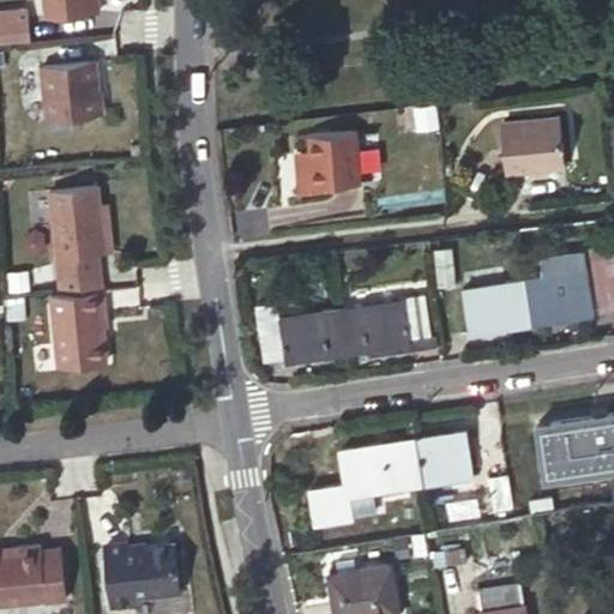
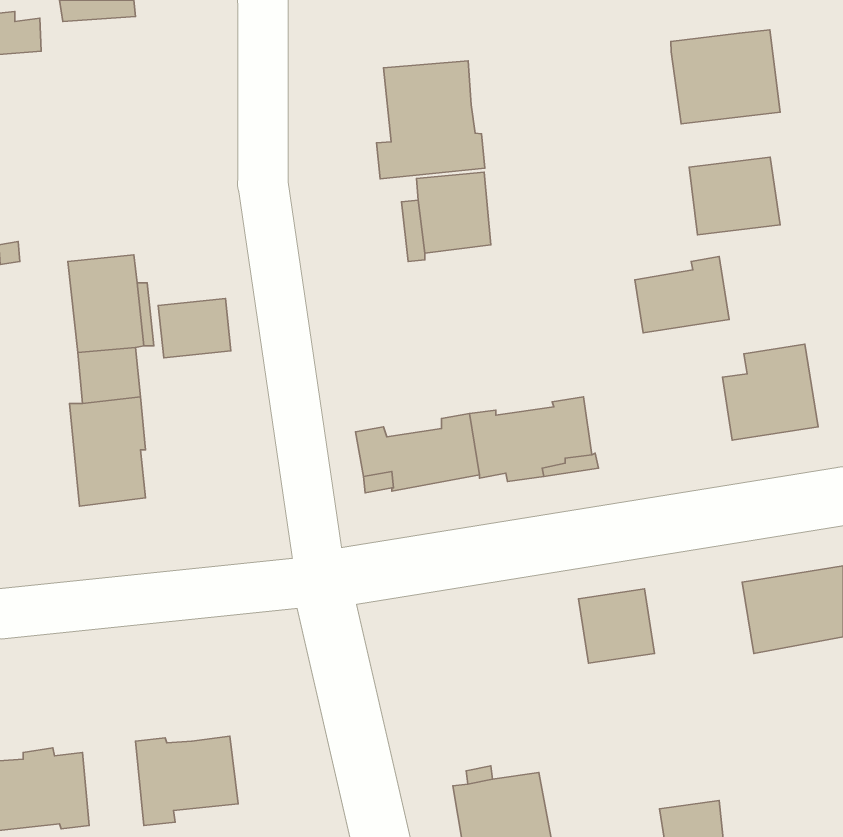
building: none -> [671,30,780,124]
building: none -> [377,61,485,179]
building: [42,66,103,122] -> none
building: none -> [158,298,231,358]
building: [463,279,531,335] -> [635,257,729,333]
building: [312,440,427,524] -> none

